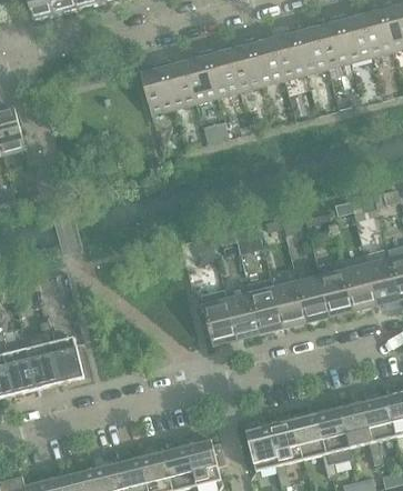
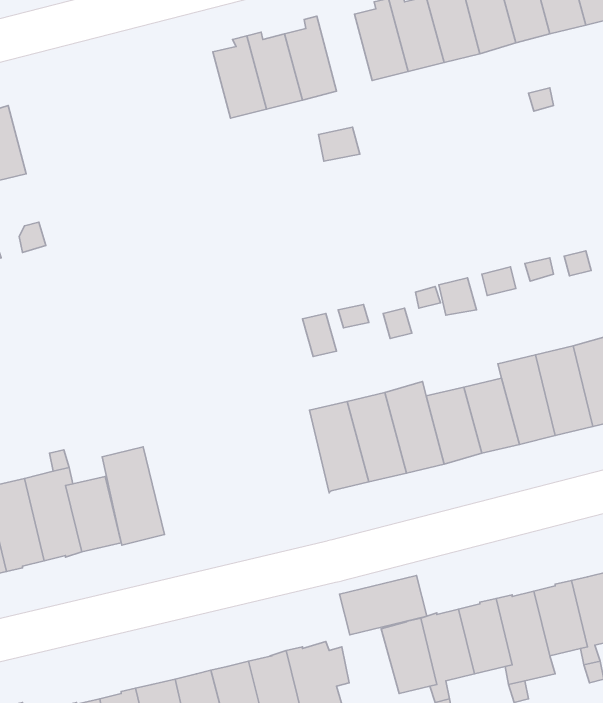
building: [204,48,239,97] -> none
building: none -> [102,447,164,545]
building: none -> [340,575,427,635]

